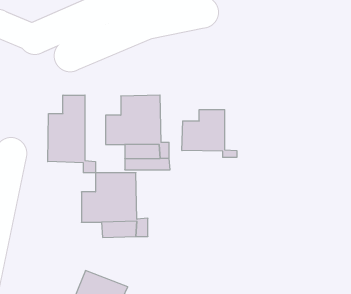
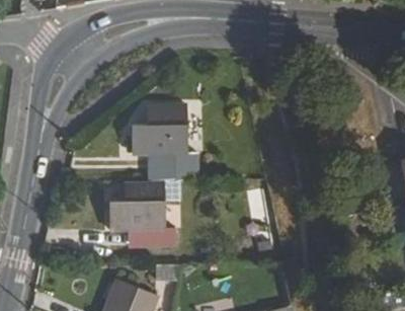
building: [48,95,95,173] -> none
building: [182,110,237,157] -> none

